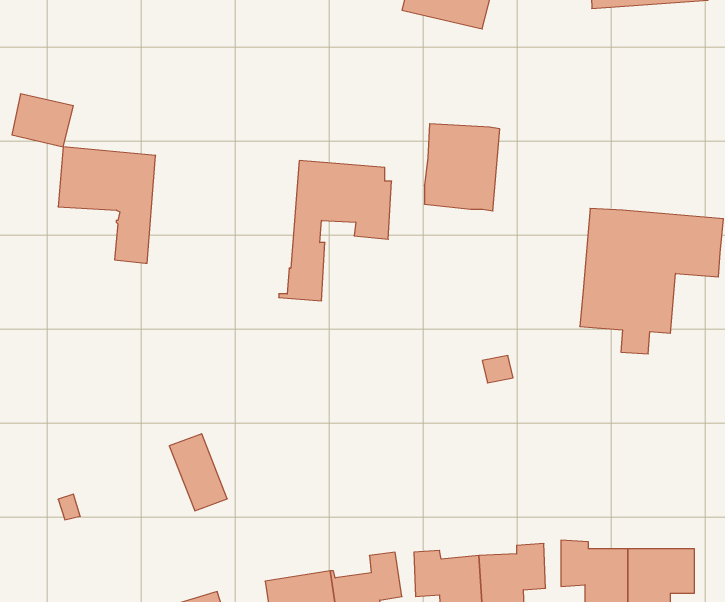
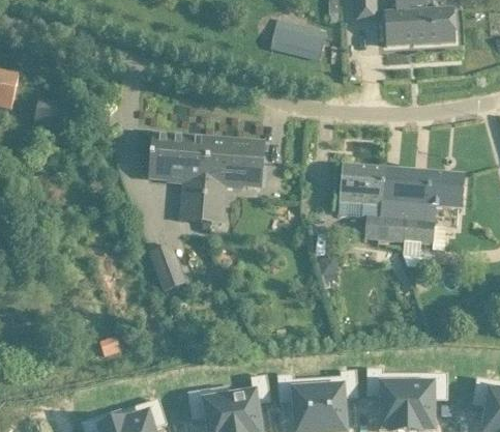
building: [424,124,500,211] -> [337,166,383,219]
building: [58,147,156,263] -> [148,135,207,205]
building: [169,434,227,511] -> [149,246,184,292]

